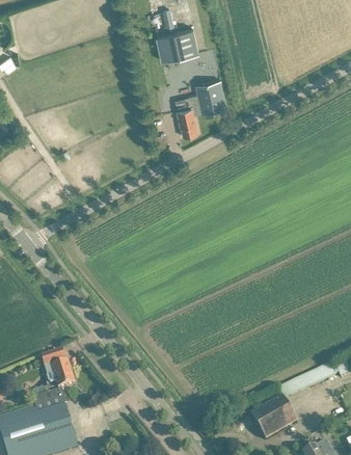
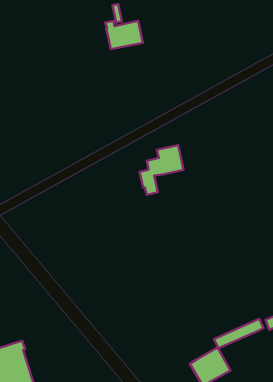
building: [176,78,225,134] -> [139,145,184,195]
building: [41,348,74,386] -> none

